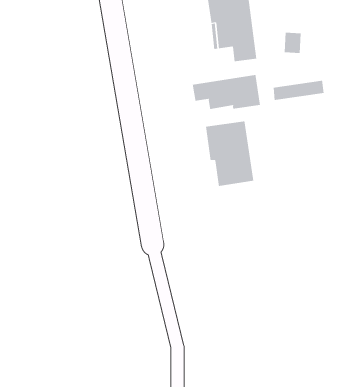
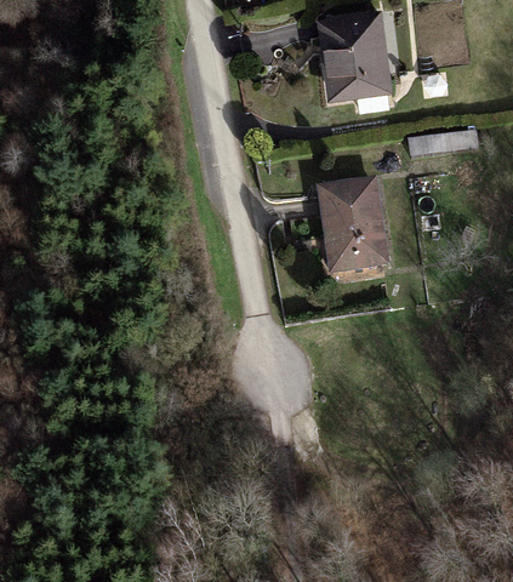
building: [192,74,261,110] -> none

